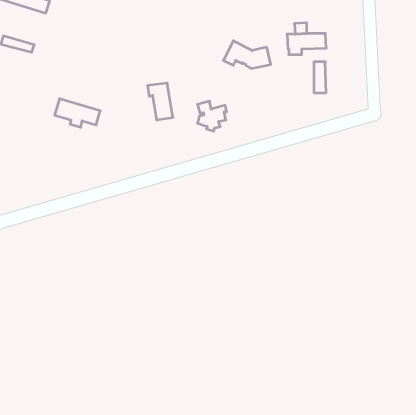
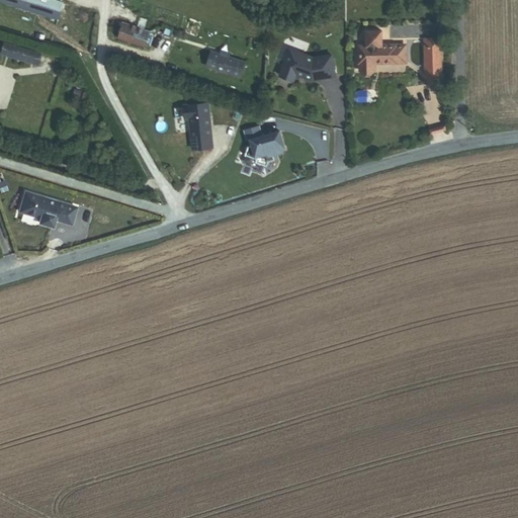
building: none -> [117,21,149,45]
building: none -> [204,50,243,75]
building: [314,62,326,93] -> [425,37,440,76]
building: [55,99,100,127] -> [18,189,75,225]

